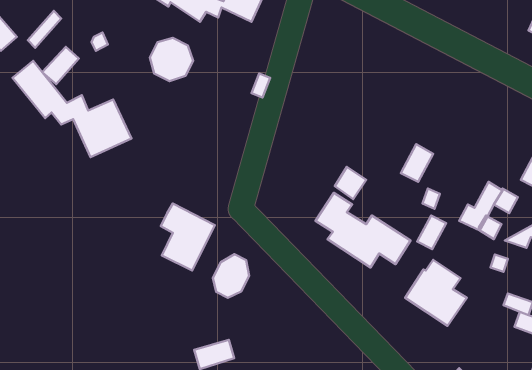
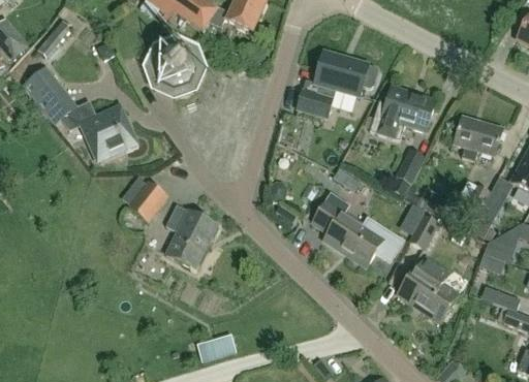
building: none -> [297,52,378,119]
building: [42,47,79,84] -> none
building: none -> [369,86,436,140]
building: none -> [454,116,502,161]
building: none -> [128,180,167,221]
building: [213,254,249,298] -> none

